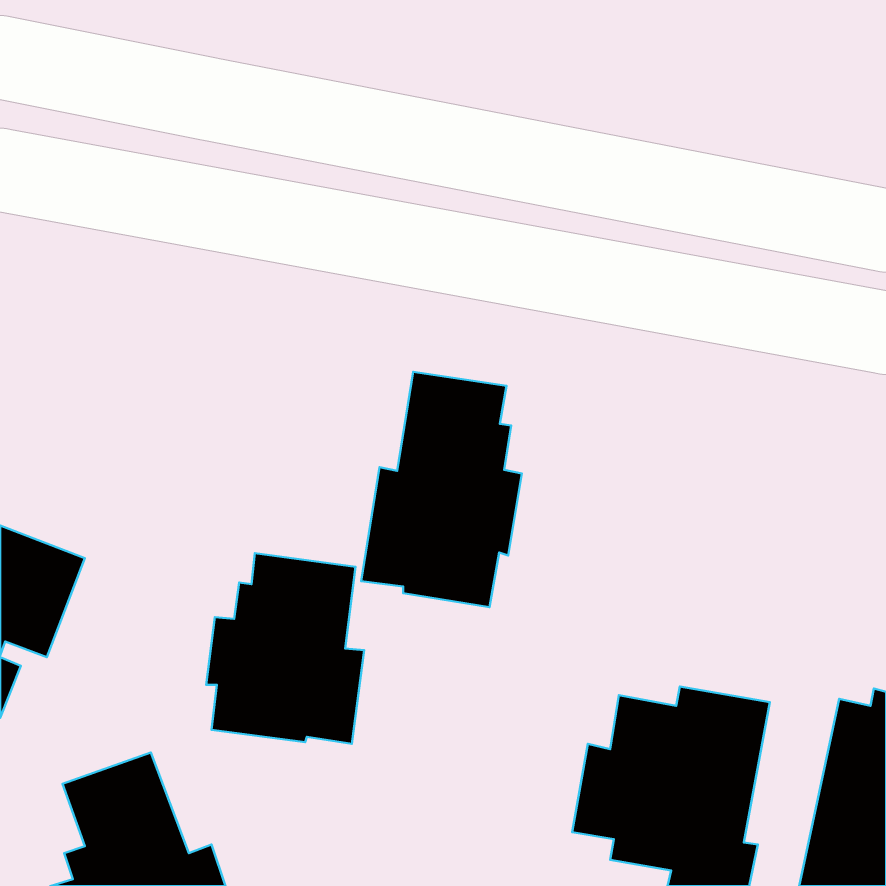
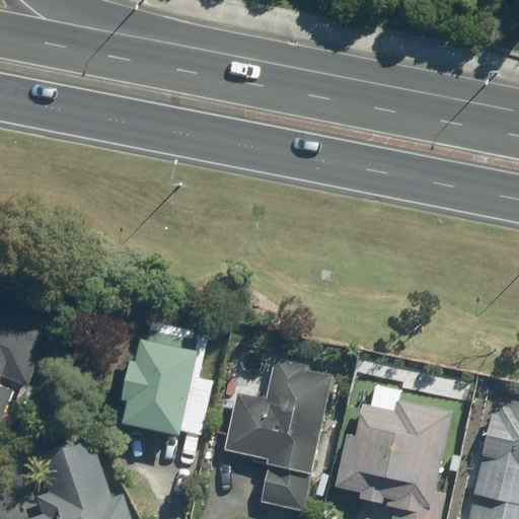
building: [361,372,522,607] -> none
building: none -> [228,362,328,510]

